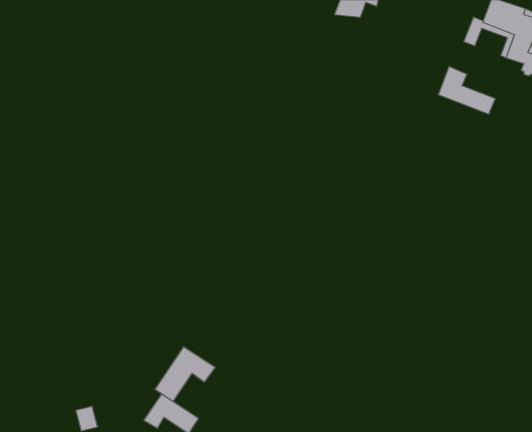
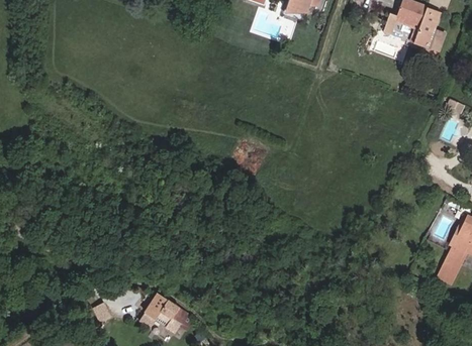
building: [439,67,495,114] -> none
building: [155,347,215,402] -> none

